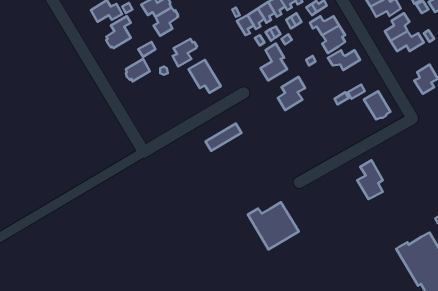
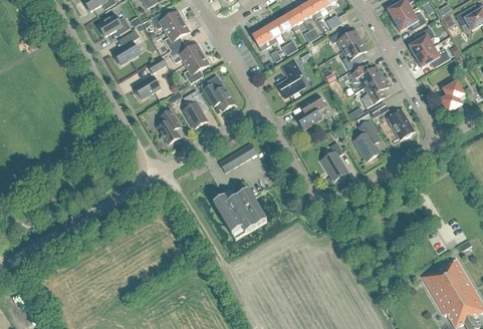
building: none -> [169,42,203,63]
building: none -> [360,75,389,106]
building: none -> [183,89,208,127]
building: none -> [158,108,181,143]
building: none -> [321,141,347,180]
building: [357,160,383,199] -> [354,118,382,159]
building: [248,202,299,250] -> [213,188,267,238]

